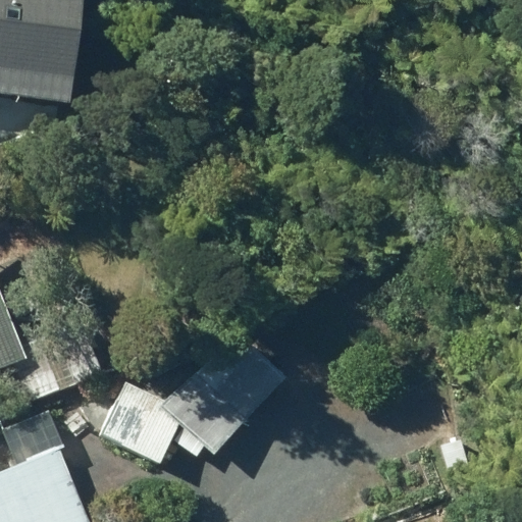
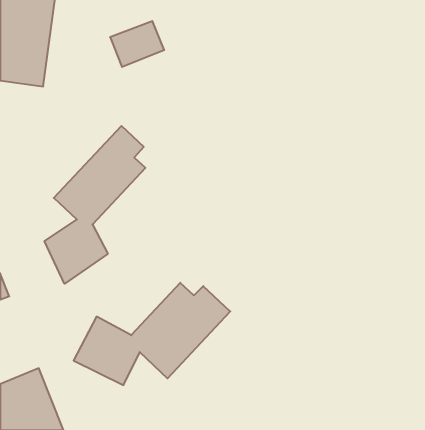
building: none -> [45,126,145,284]

